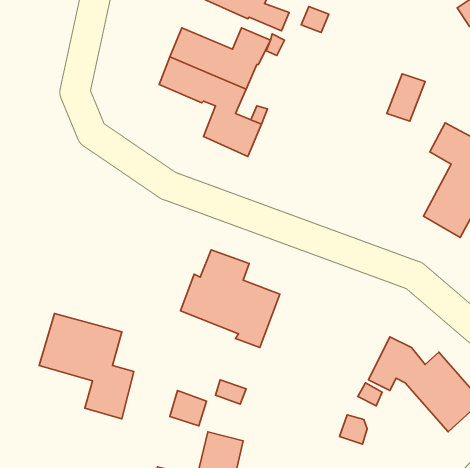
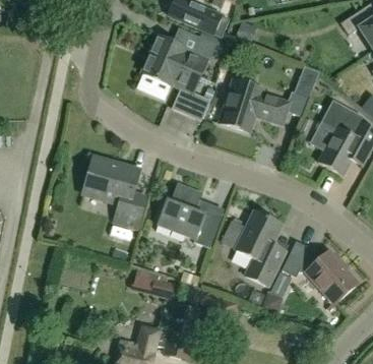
building: none -> [219,78,289,131]
building: none -> [235,209,285,285]
building: [39,313,134,419] -> [83,157,146,227]

